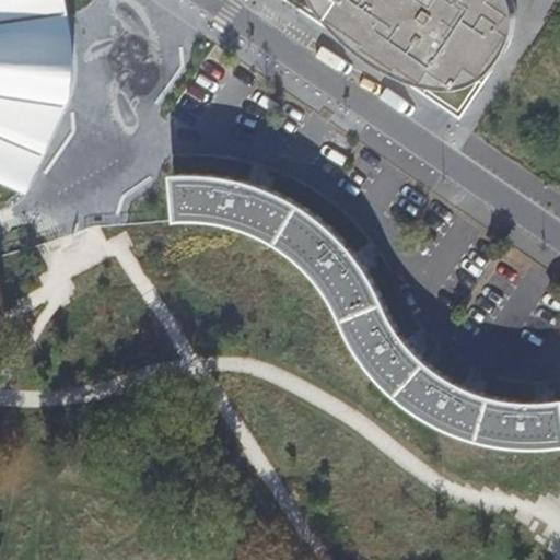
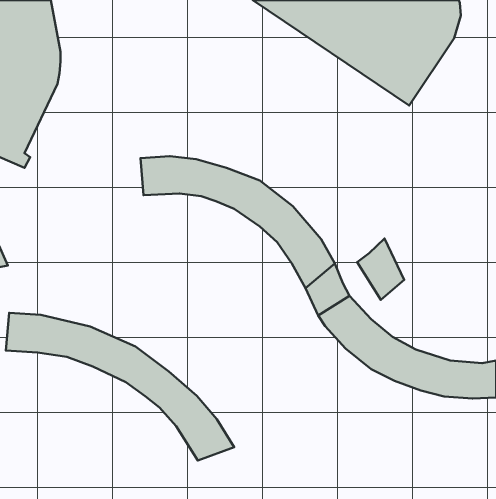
building: none -> [357,238,404,300]
building: none -> [6,313,234,461]

